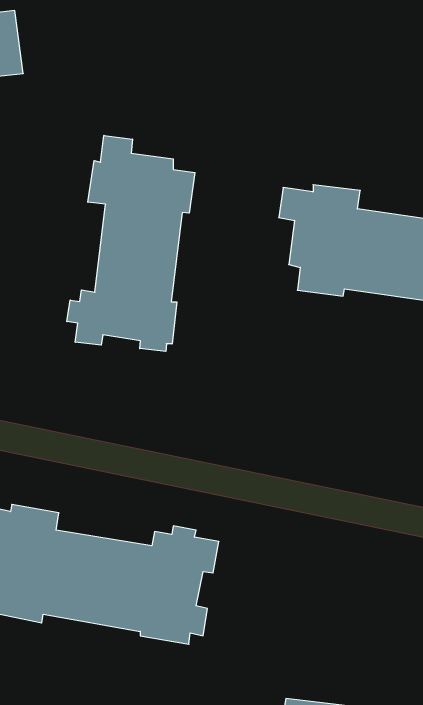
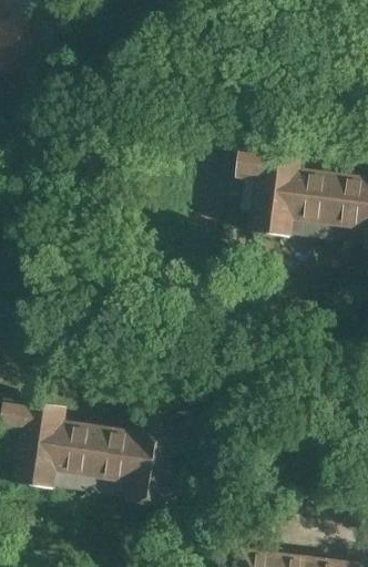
building: [67,135,195,351] -> none

